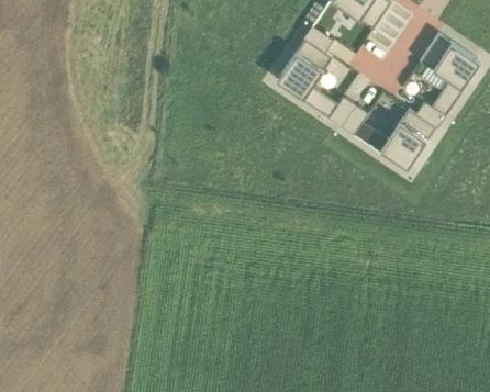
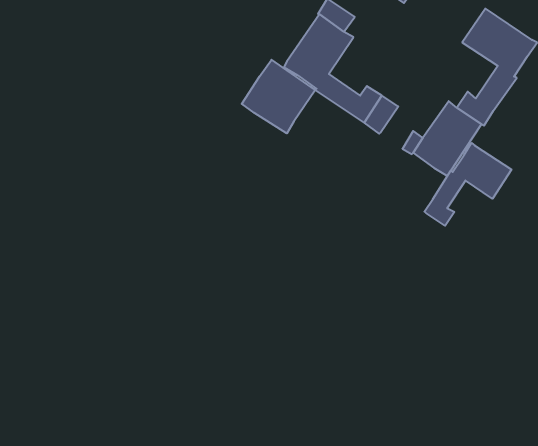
building: none -> [242,60,315,133]
building: none -> [424,143,511,226]

